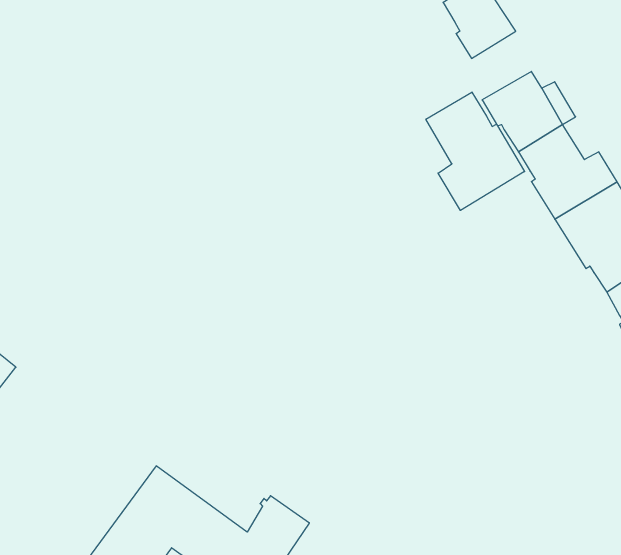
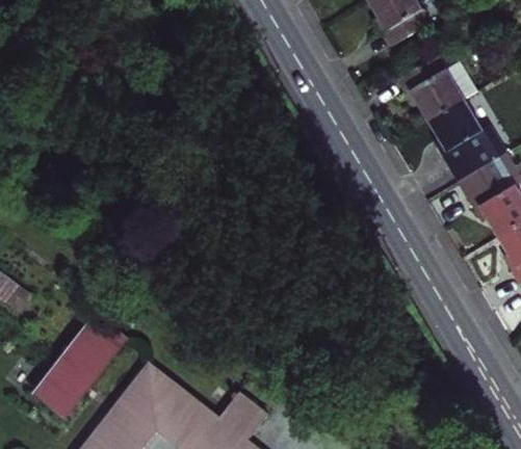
building: [426,92,525,210] -> none
building: none -> [28,321,121,428]

